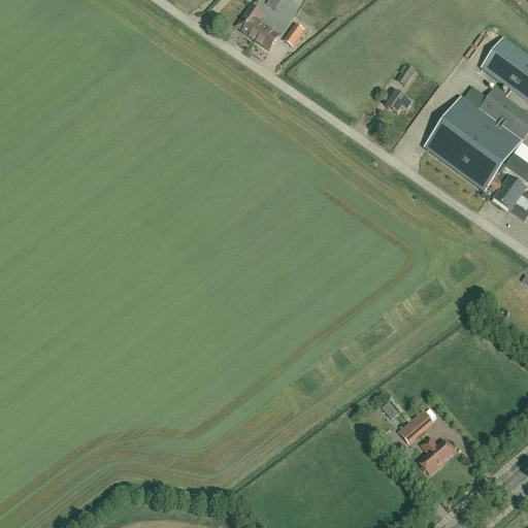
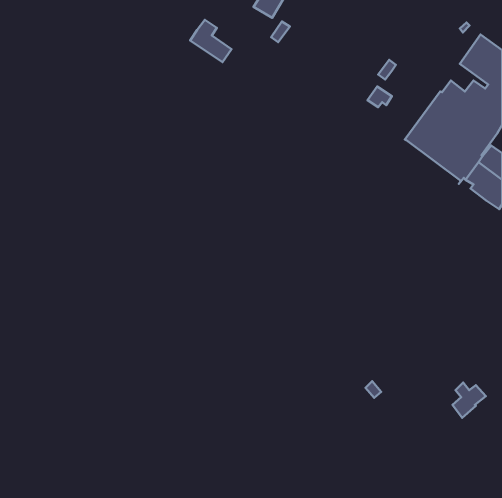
building: [236,4,279,48] -> [190,20,231,62]
building: [399,409,433,441] -> none
building: [419,436,454,473] -> [452,382,486,418]

